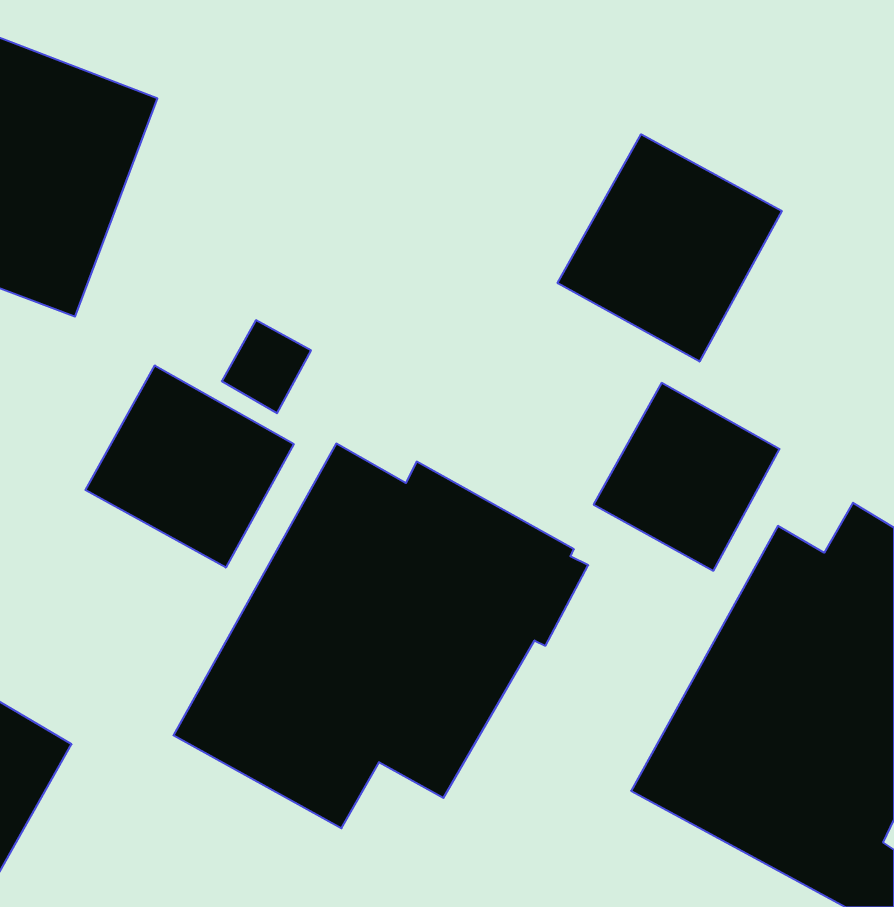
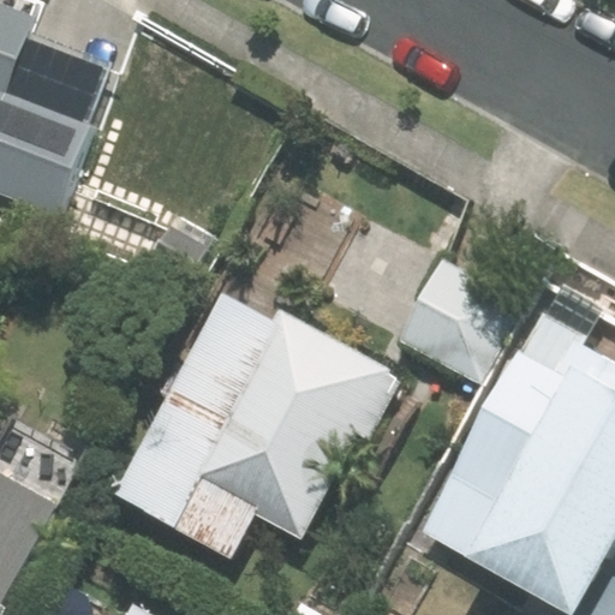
building: [558,134,782,362] -> none
building: [85,365,294,568] -> none

